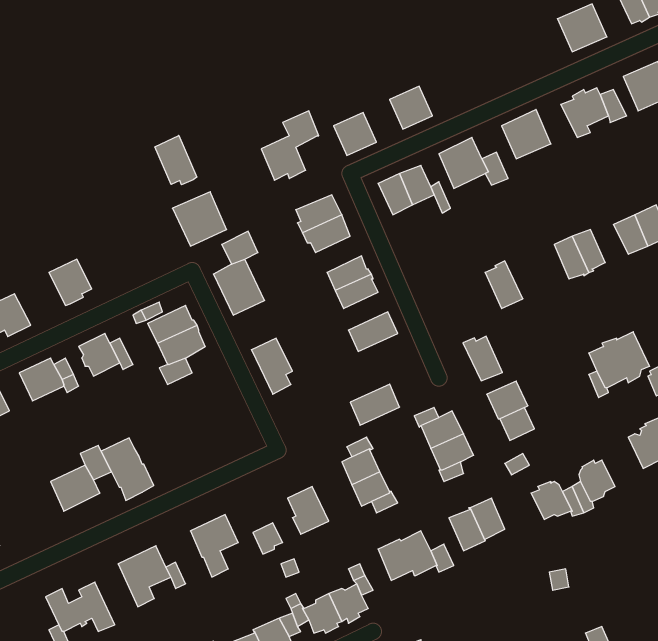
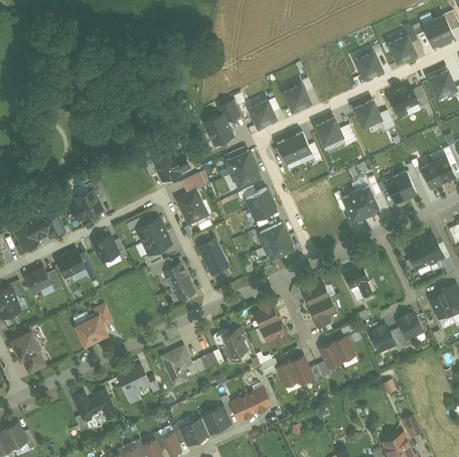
building: none -> [355,52,381,79]
building: [155,135,197,185] -> none
building: [463,336,502,381] -> [354,187,378,214]
building: [350,384,400,425] -> [265,236,295,261]
building: [101,438,154,500] -> [163,263,195,301]

